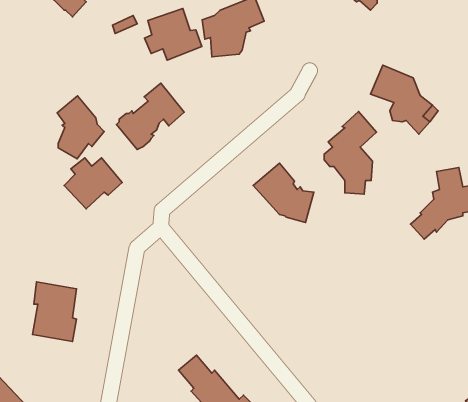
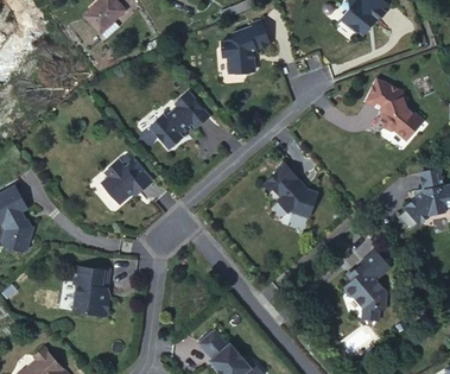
building: [145,8,202,60] -> none
building: [57,96,104,159] -> none
building: [324,111,377,194] -> [344,249,389,321]

